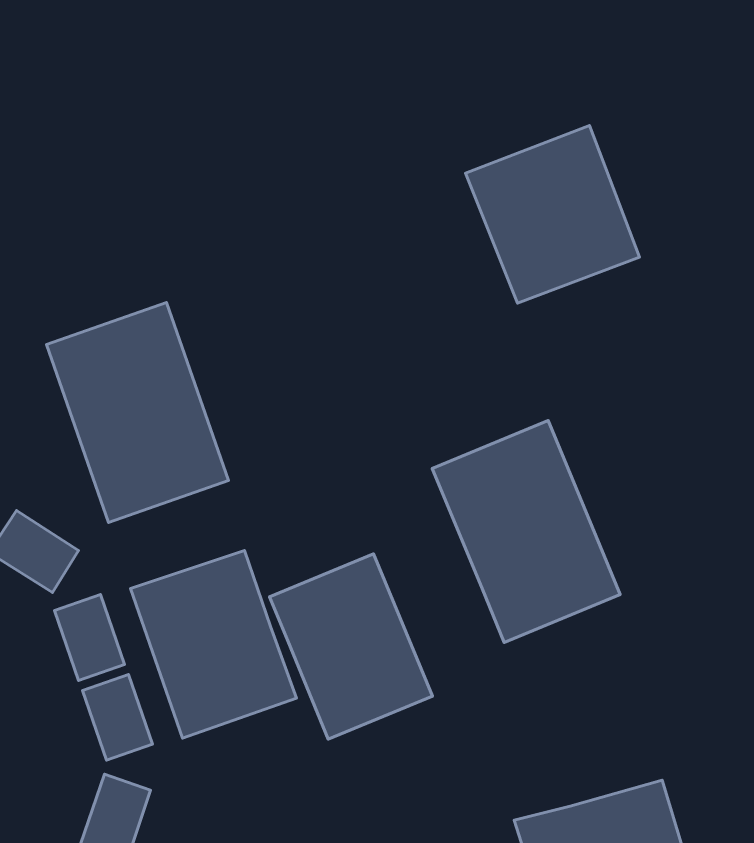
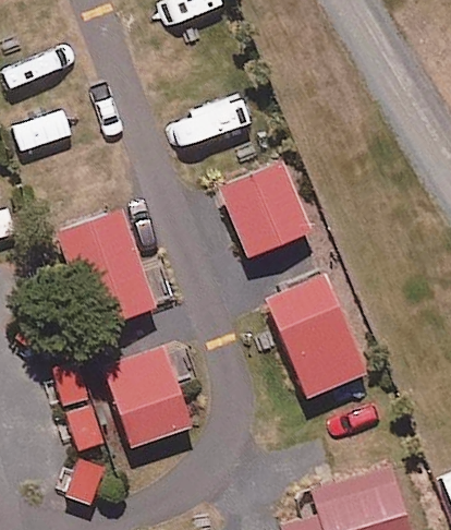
building: [466,125,640,303] -> [217,160,312,257]
building: [269,554,433,739] -> none

